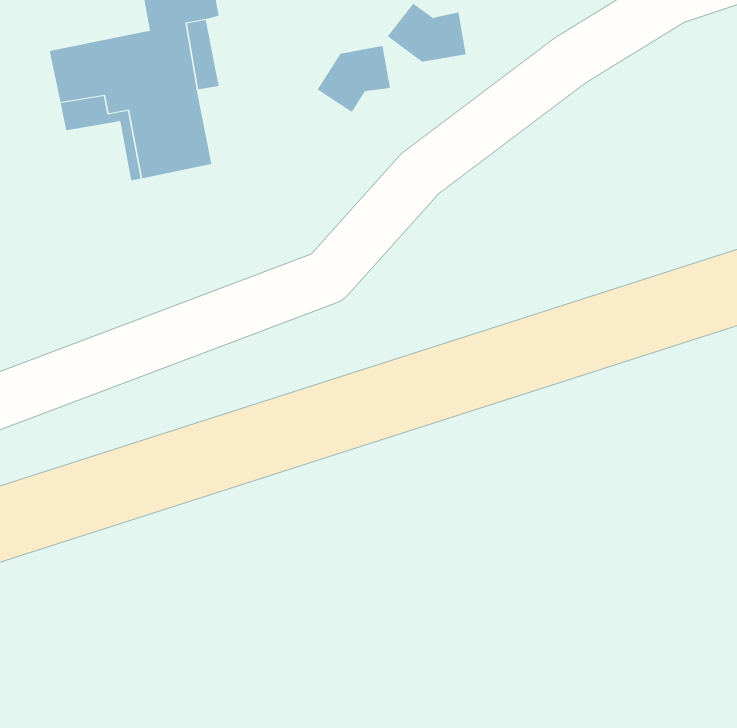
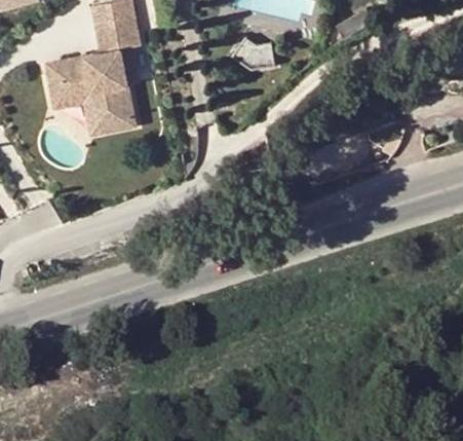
building: [317,45,391,113] -> none

